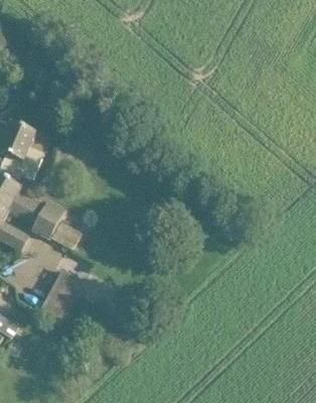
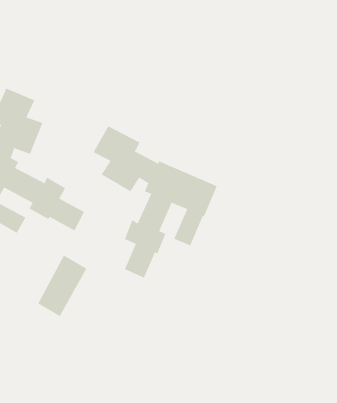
building: none -> [93,125,218,278]

